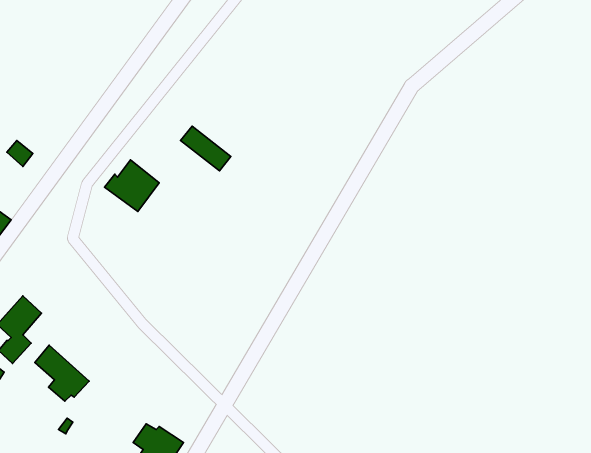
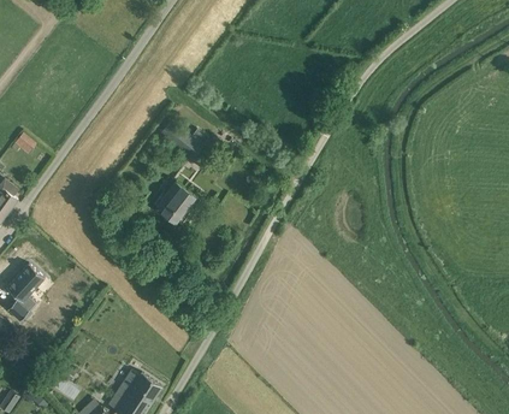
building: [105,160,159,212] -> [154,182,200,225]
building: [35,345,89,401] -> none

